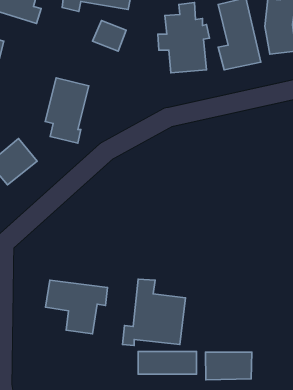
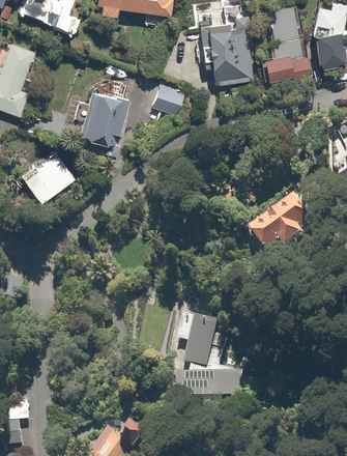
building: [93,20,126,51] -> [150,85,185,117]
building: none -> [253,191,321,255]
building: [45,280,108,334] -> none
building: [206,352,252,380] -> none

